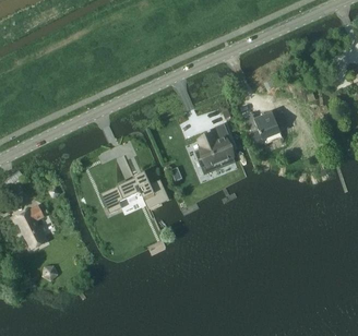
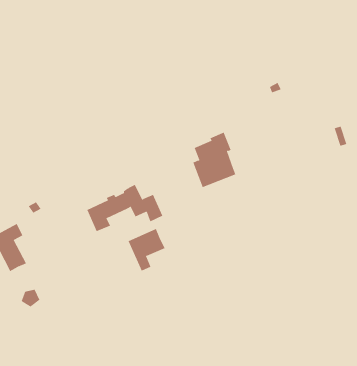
building: [241,111,281,148] -> none
building: none -> [128,228,165,272]

